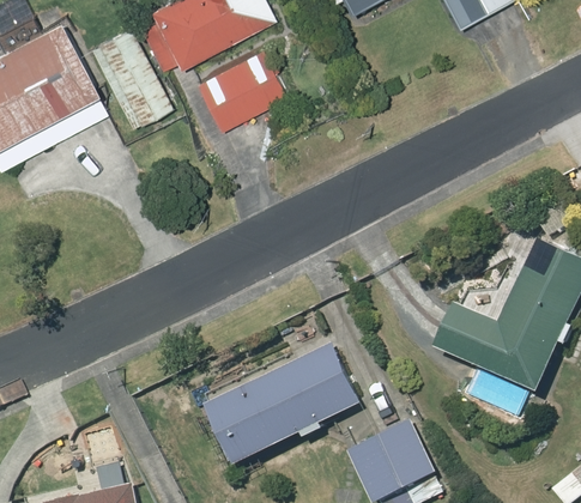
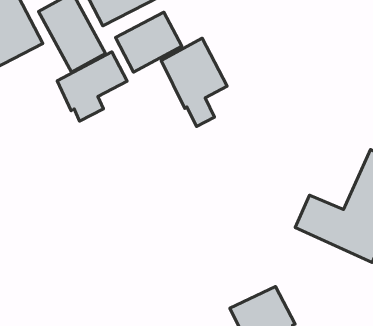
building: none -> [161,38,227,126]
building: none -> [57,52,127,121]
building: [204,345,358,462] -> none

